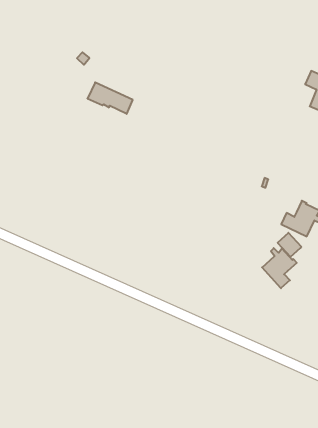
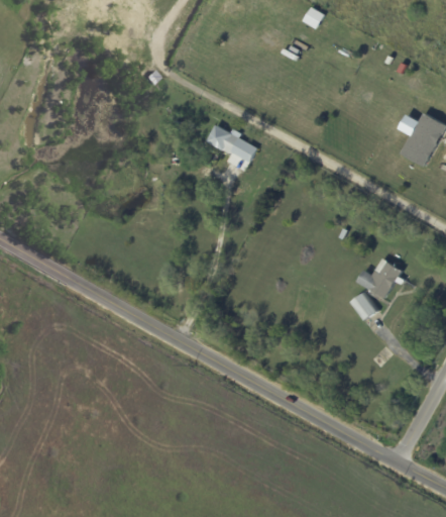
building: [87,82,133,114] -> [207,125,257,164]
building: [262,248,297,288] -> none

